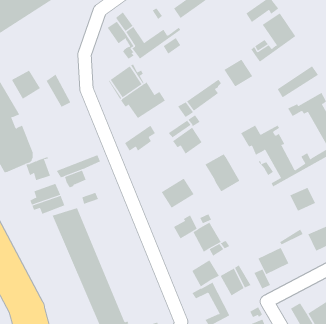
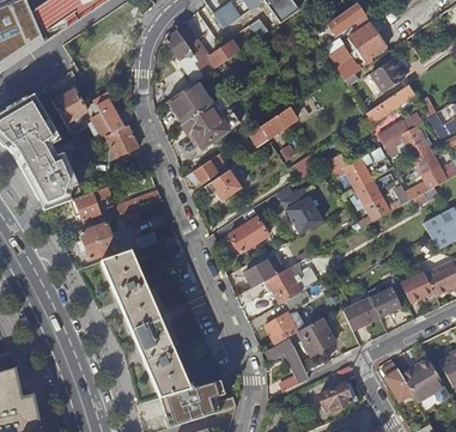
building: [224,59,253,87] -> [370,57,405,91]
building: none -> [101,124,140,160]
building: [172,127,203,154] -> [206,169,242,201]
building: [289,187,316,211] -> [371,287,402,316]

